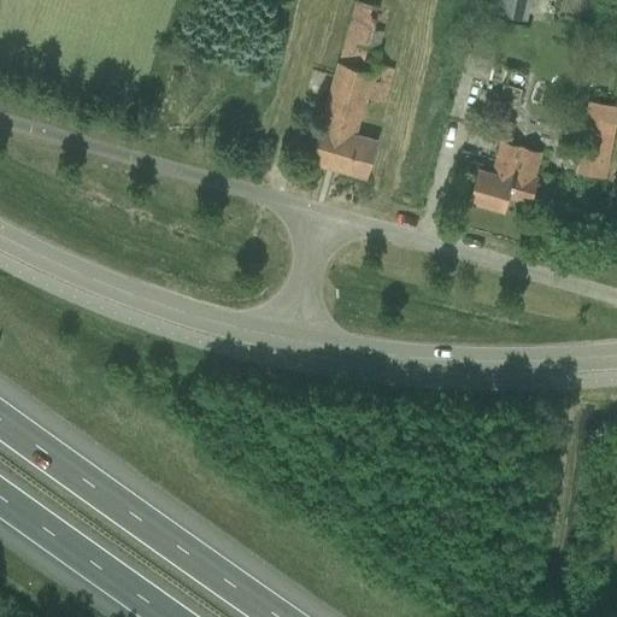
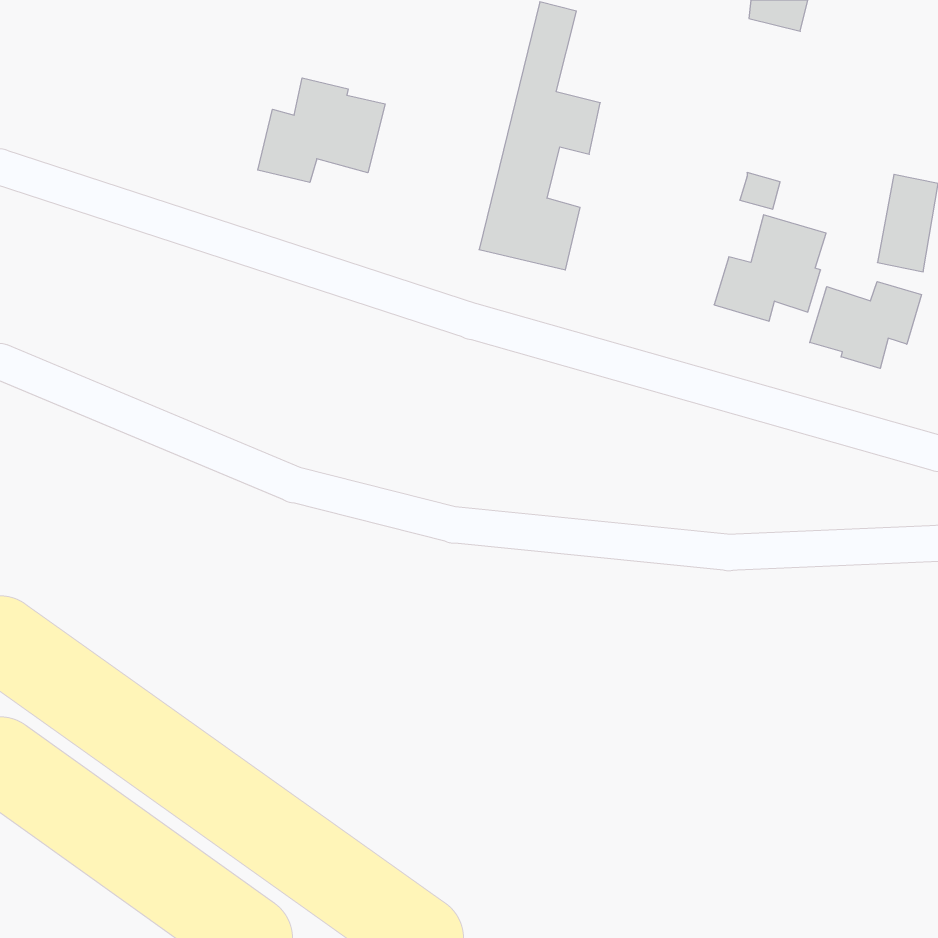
building: none -> [258,78,385,182]
building: none -> [810,282,922,368]

